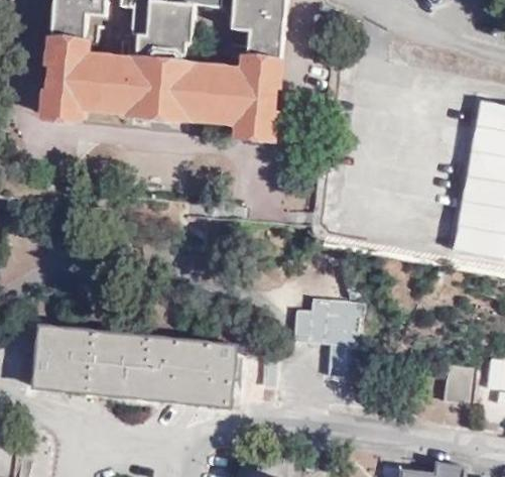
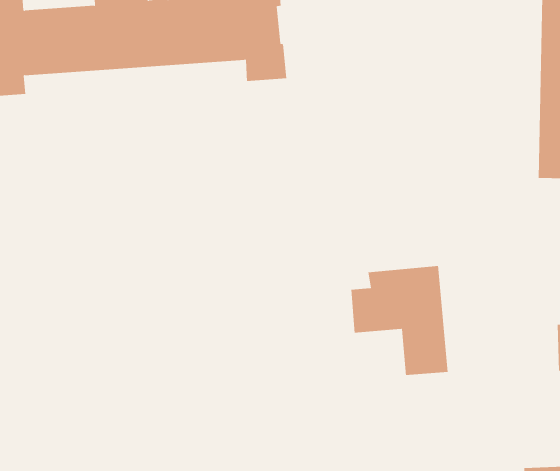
building: [35,323,233,404] -> none

